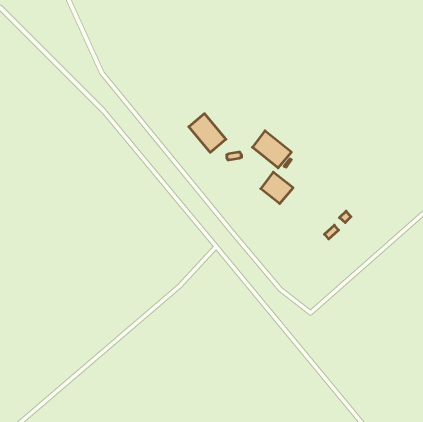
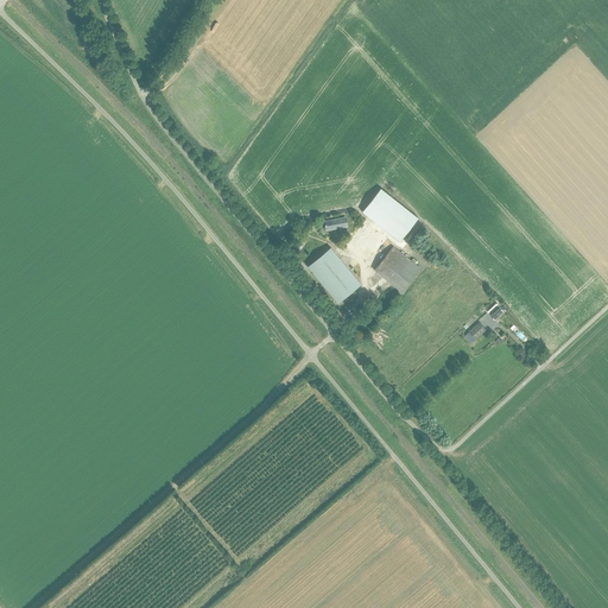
building: [189,114,226,152] -> [308,248,361,304]

